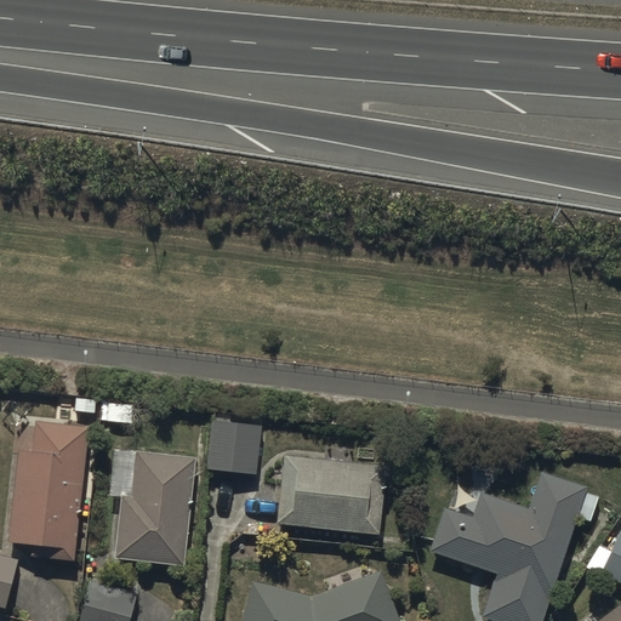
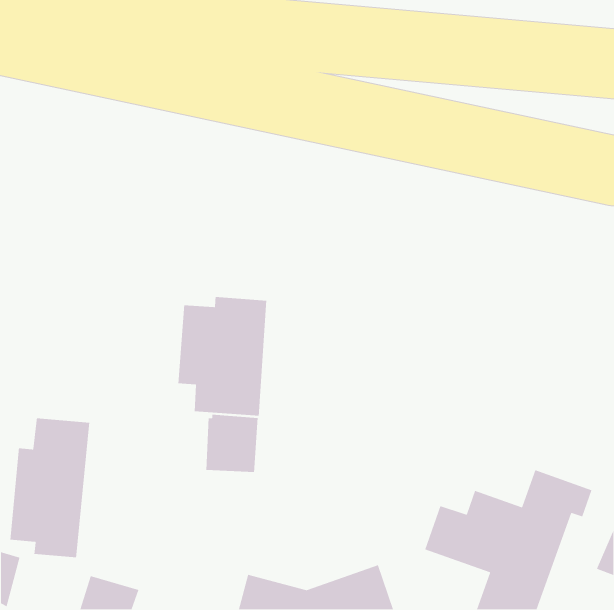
building: none -> [178,296,267,417]
building: [110,451,193,568] -> none
building: [275,457,383,535] -> none

